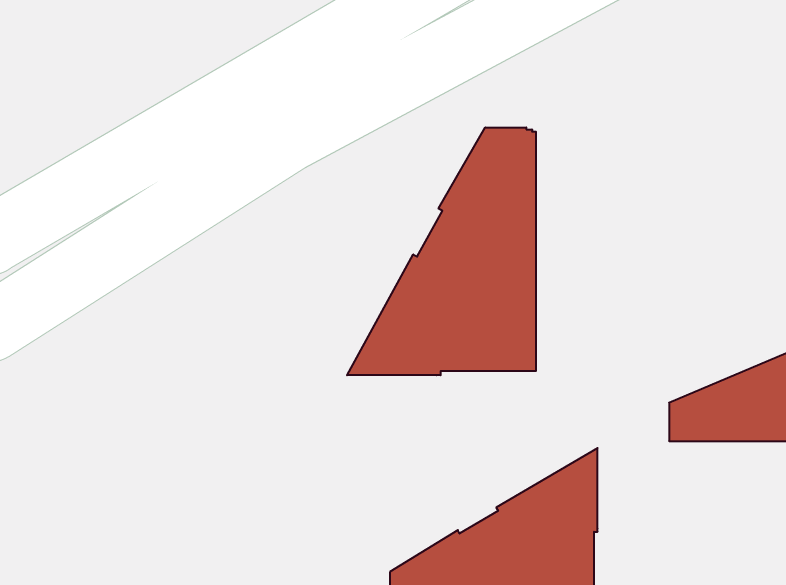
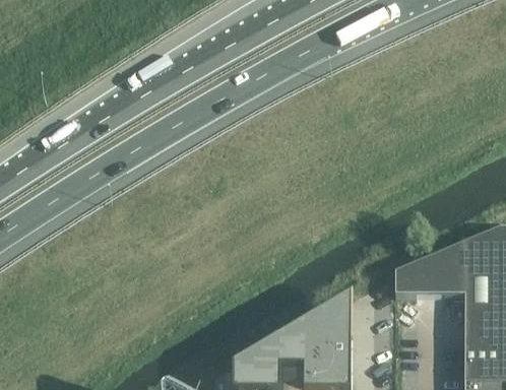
building: [347,127,536,375] -> none

